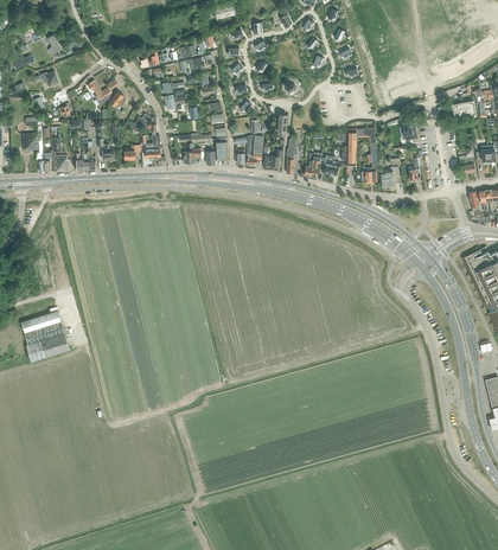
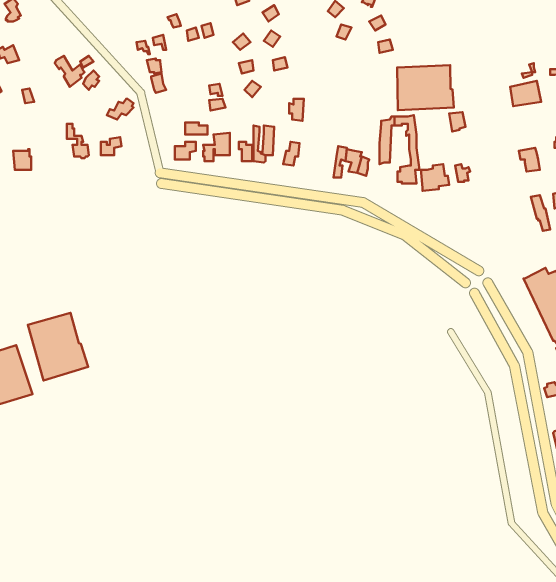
building: none -> [397,65,454,110]
building: none -> [28,313,88,380]

